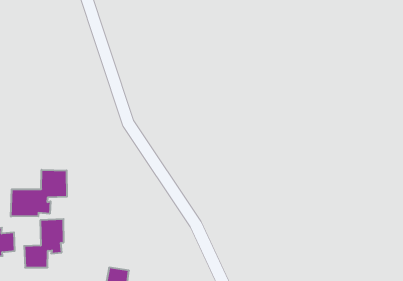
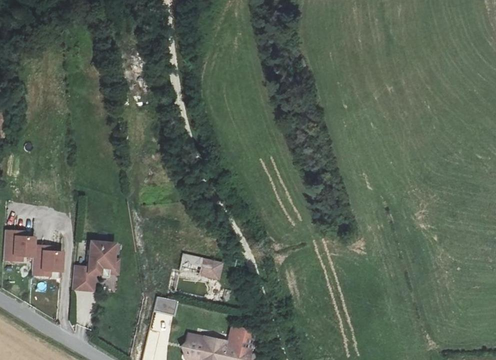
building: [11,170,67,217] -> none
building: none -> [180,254,221,278]

